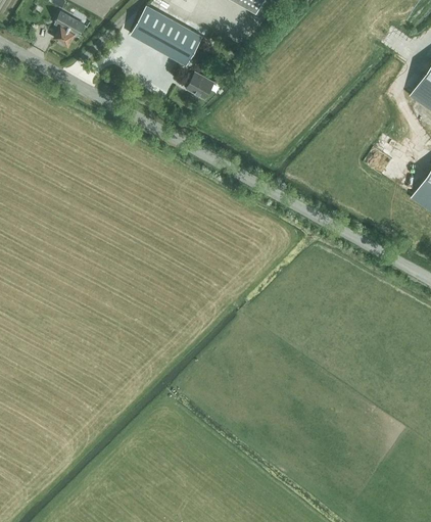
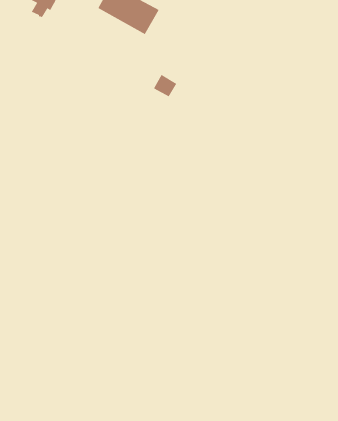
building: [186,72,213,98] -> [153,74,177,97]

